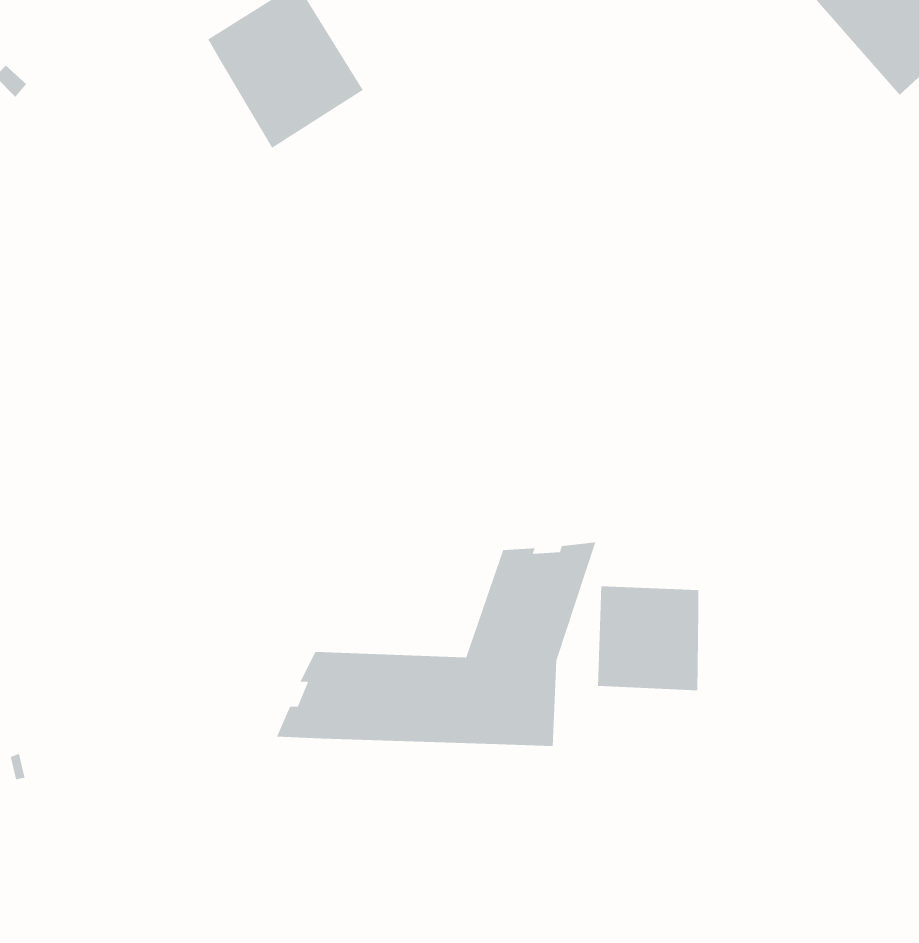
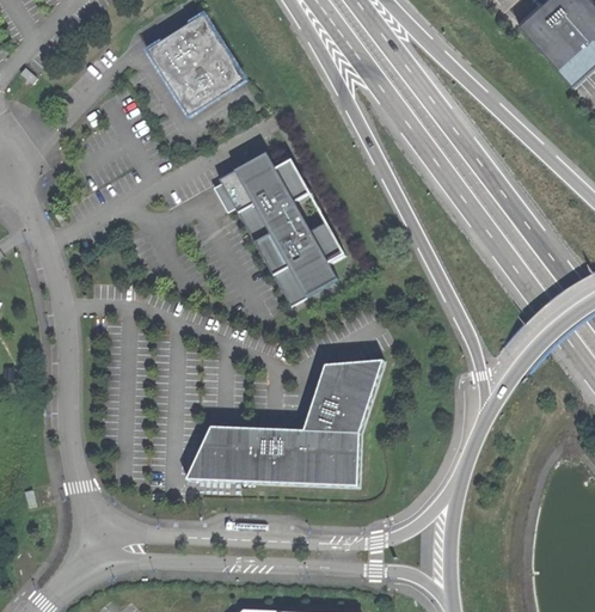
building: none -> [216,152,343,306]
building: [597,585,699,691] -> none

